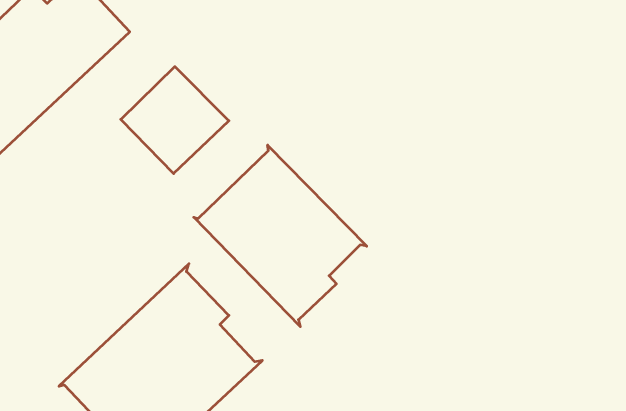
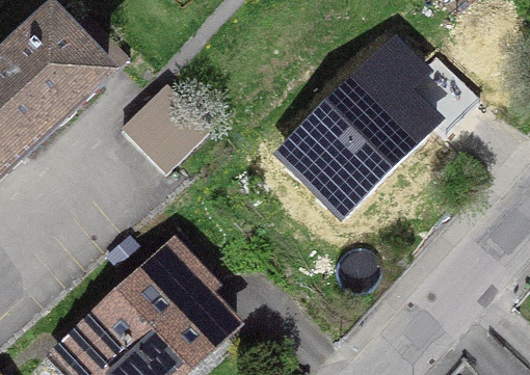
building: none -> [282,47,449,214]
building: [194,145,367,327] -> none

